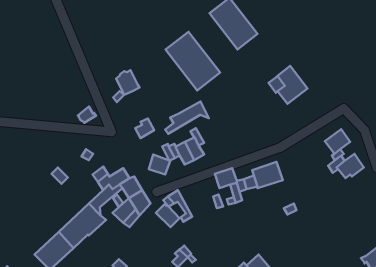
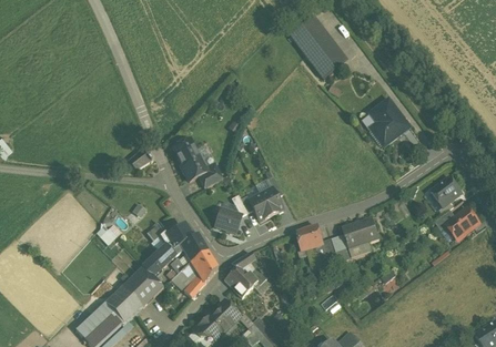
building: [165,32,220,90] -> none
building: [116,70,140,95] -> [179,150,207,180]
building: [165,102,209,134] -> none
building: none -> [198,303,239,339]

